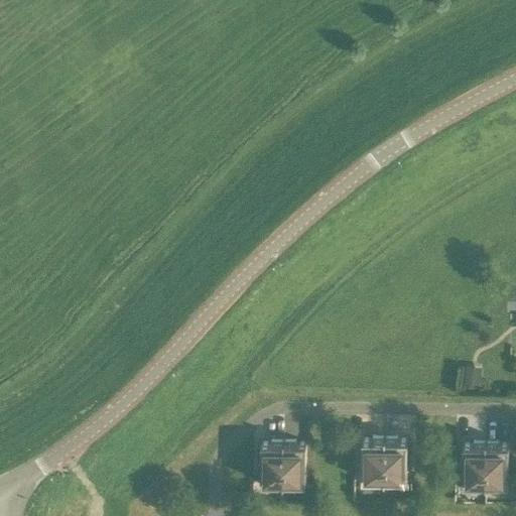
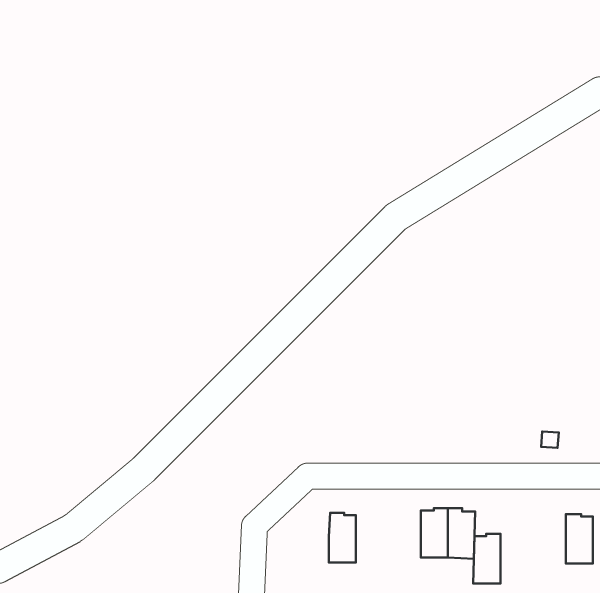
building: [259,445,282,489] -> none
building: [461,447,484,490] -> [473,534,500,583]

